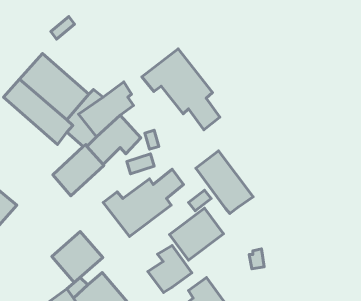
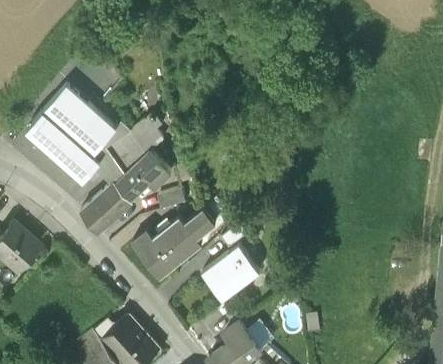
building: [142,49,220,130] -> none
building: [196,151,253,213] -> none
building: [52,231,103,283] -> none
building: [148,246,192,293] -> none

